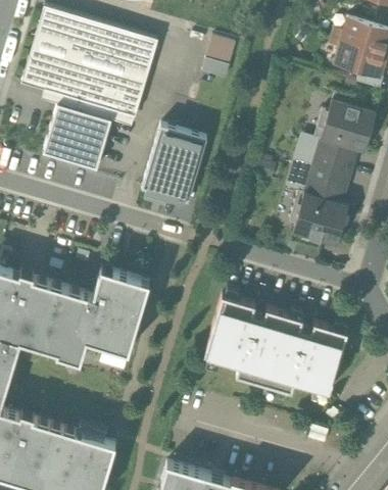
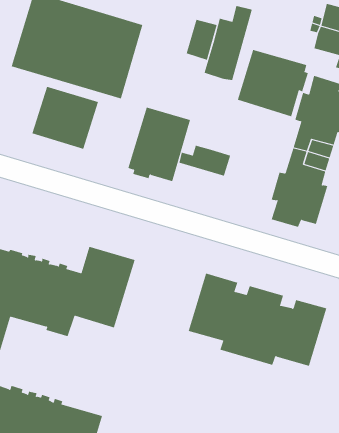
building: none -> [204,5,252,81]
building: none -> [237,49,308,117]
building: none -> [179,145,231,176]

